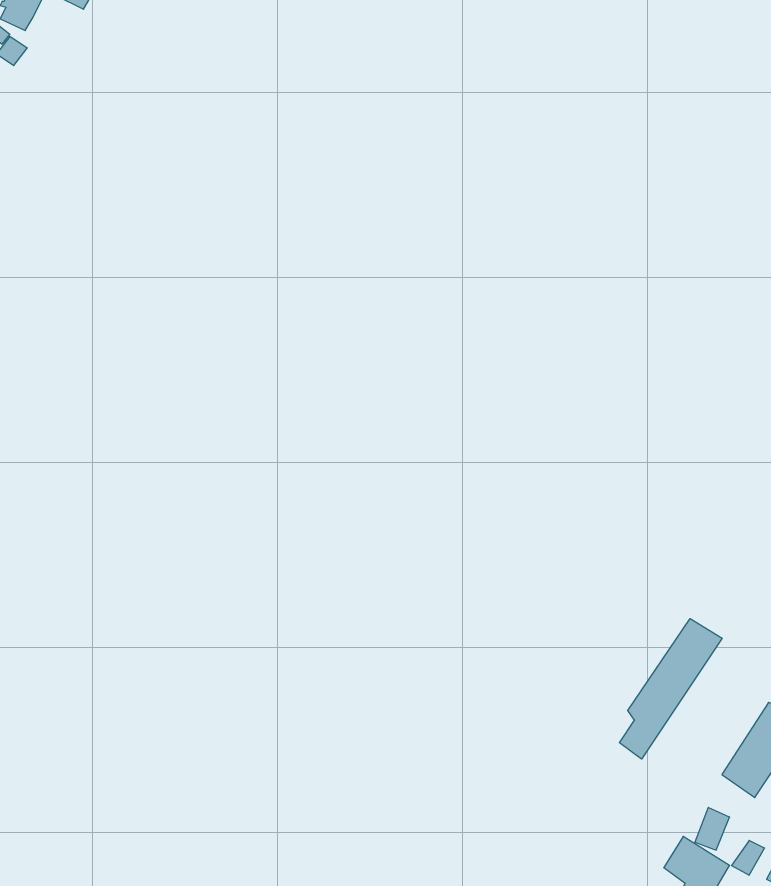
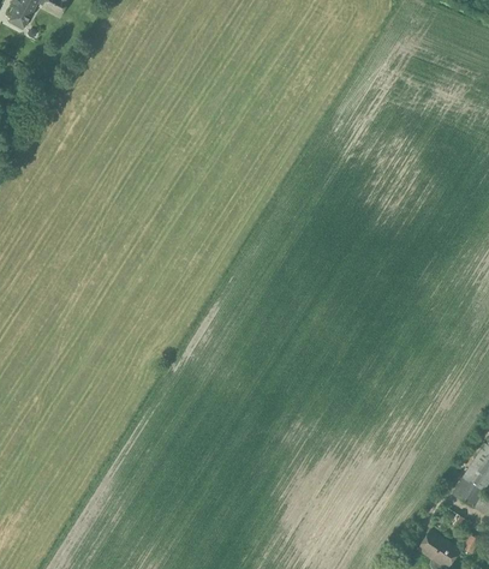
building: [619,619,722,759] -> none

